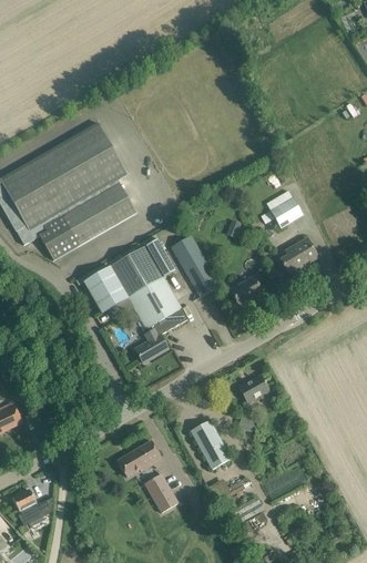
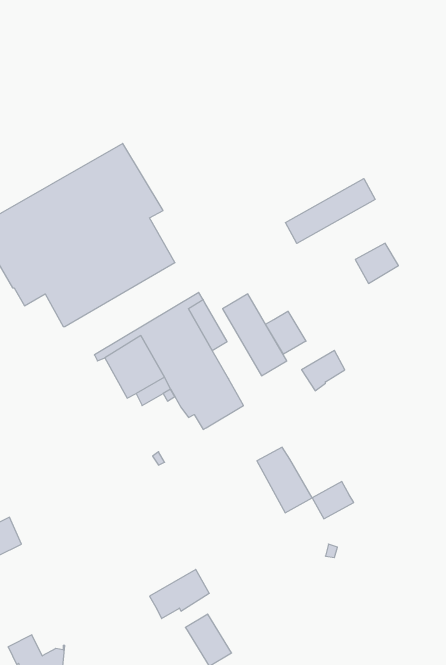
building: none -> [285,179,375,243]
building: [279,237,317,274] -> none
building: none -> [265,311,306,354]
building: [134,325,167,362] -> none
building: [190,420,231,469] -> [257,447,312,513]

